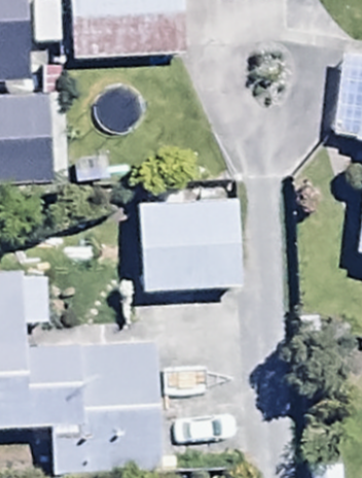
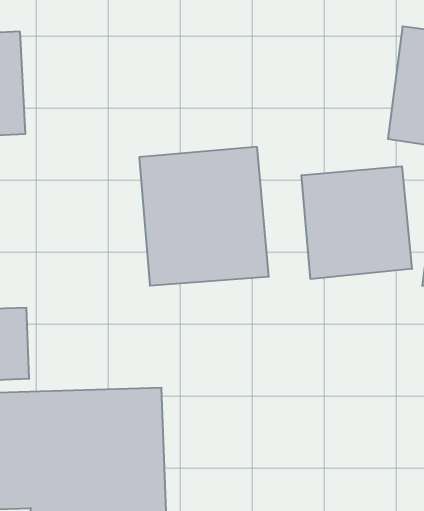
building: none -> [302,166,412,279]

